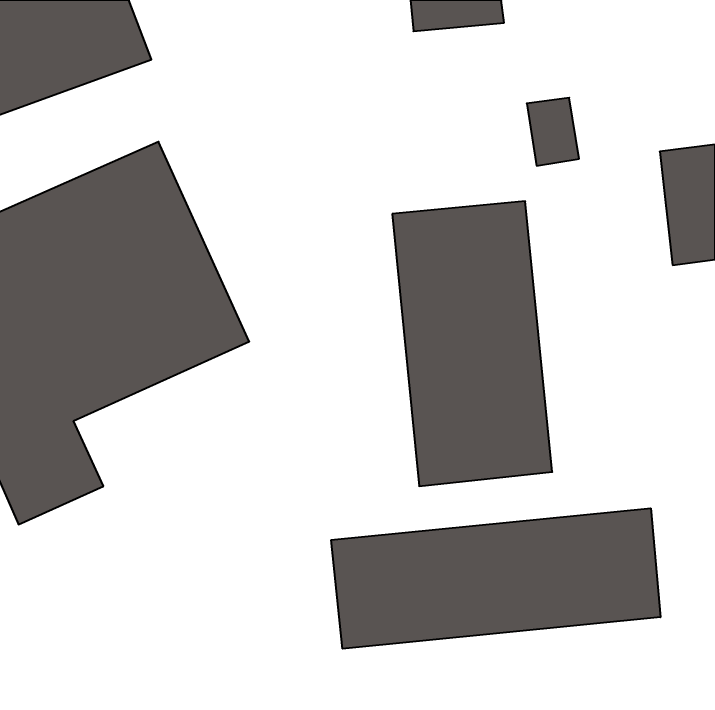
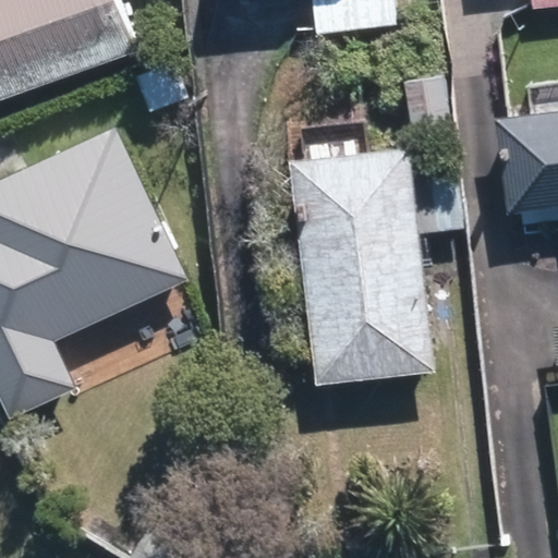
building: [331,508,660,649] -> none

